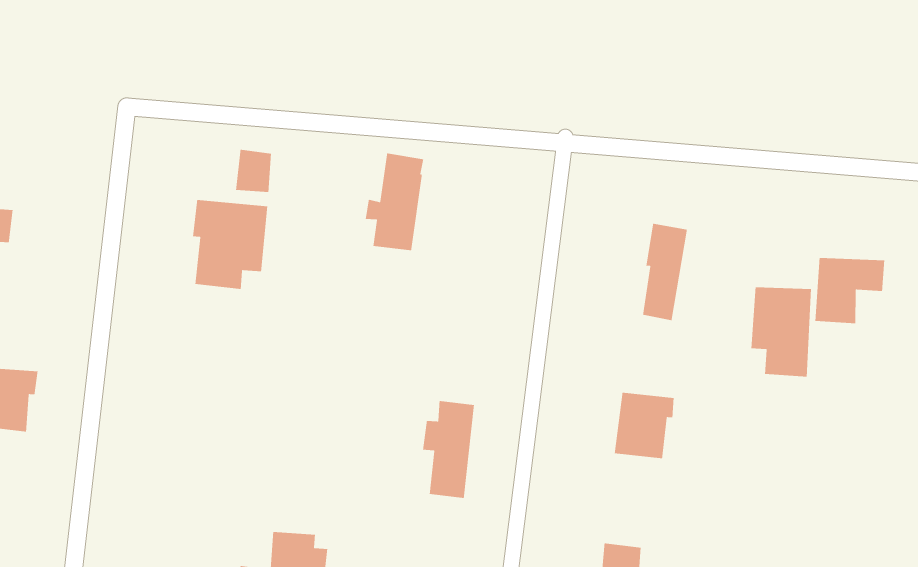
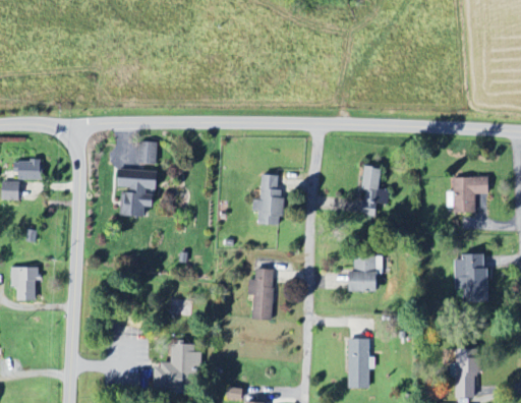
building: [365,152,424,251] -> [252,173,282,225]
building: none -> [18,159,41,179]
building: [751,286,812,377] -> [455,253,486,301]

